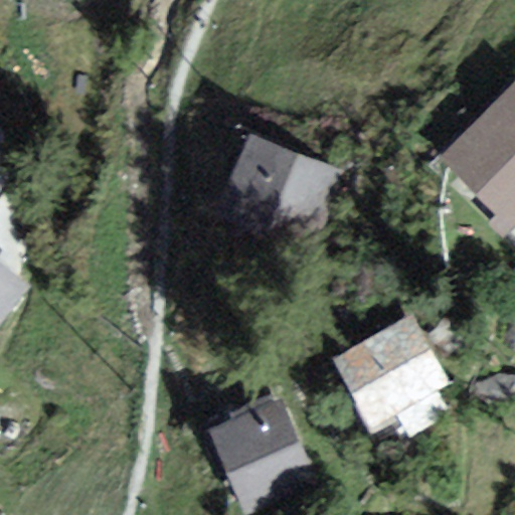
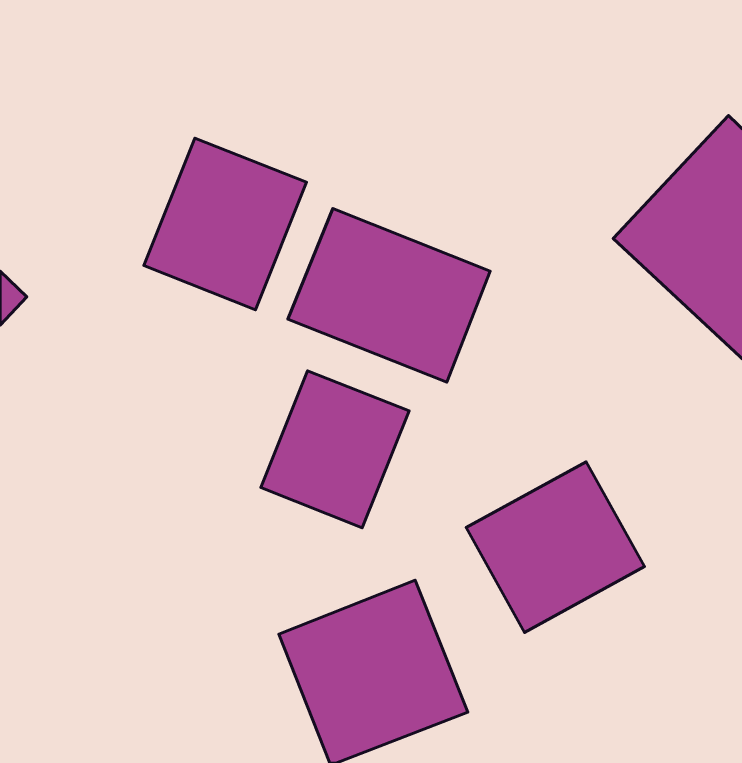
building: none -> [144,138,307,310]
building: none -> [261,371,409,528]

